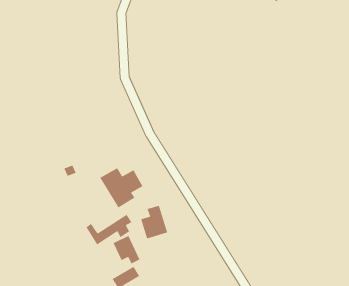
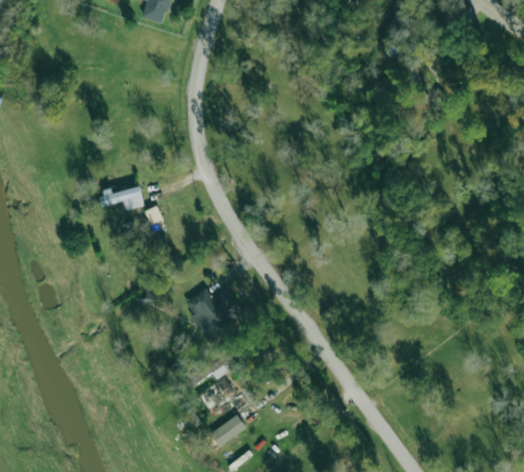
building: none -> [97,184,145,210]
building: [140,205,168,239] -> none

